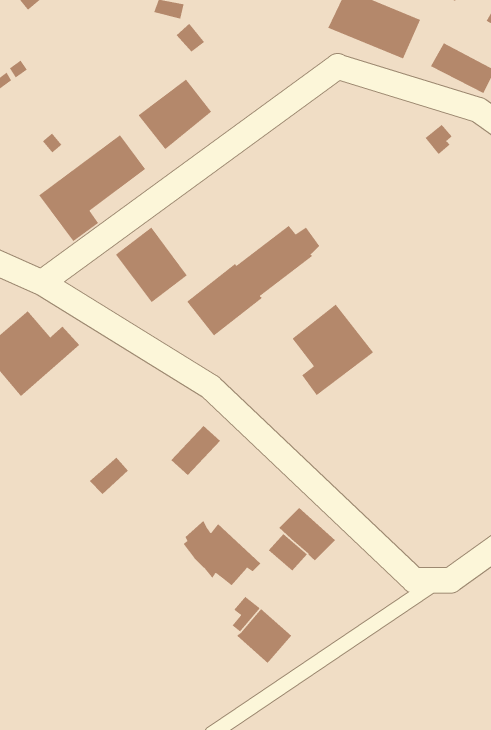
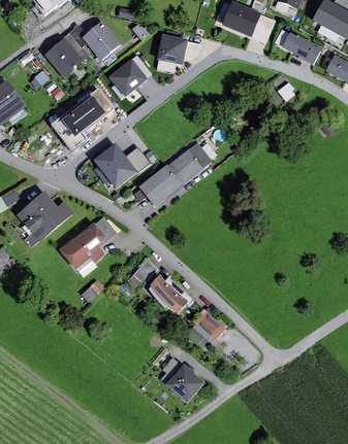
building: none -> [42,21,121,78]
building: none -> [156,34,187,65]
building: [291,304,374,396] -> none
building: none -> [59,216,118,270]
building: [183,520,261,586] -> [148,275,194,314]

